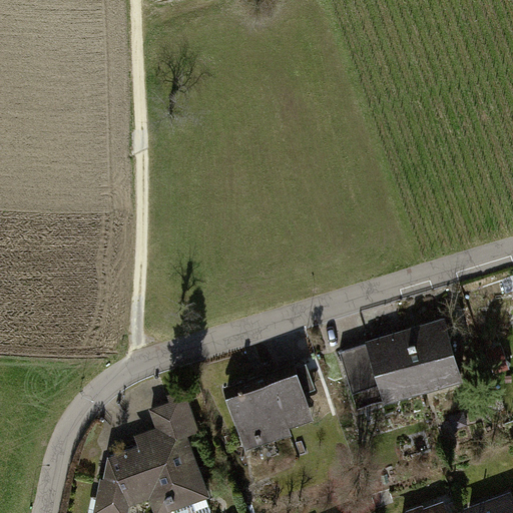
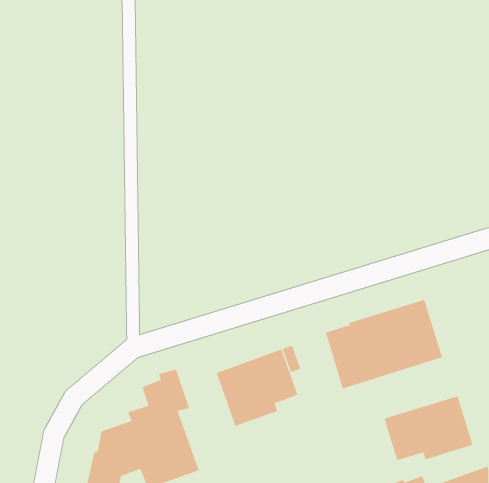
building: none -> [384,395,473,461]

